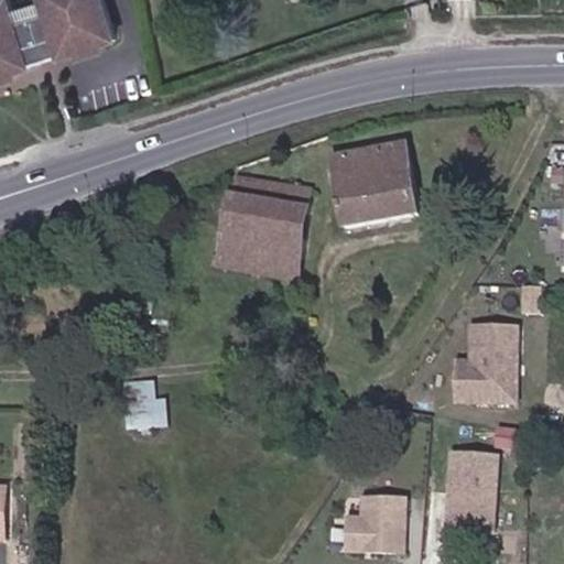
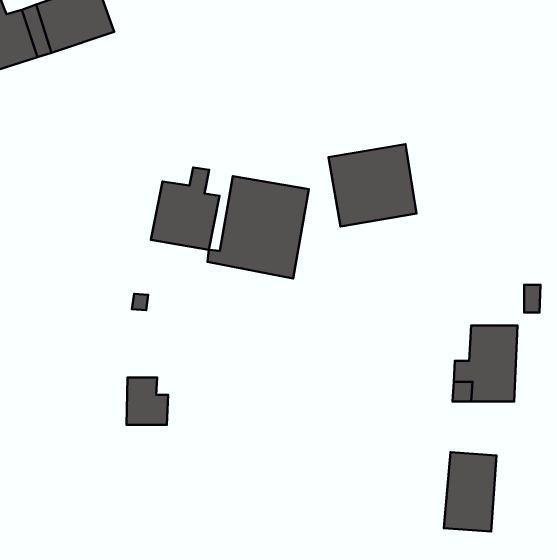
building: none -> [151,167,220,250]
building: [344,498,404,552] -> none

